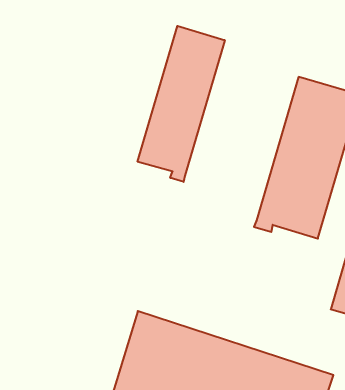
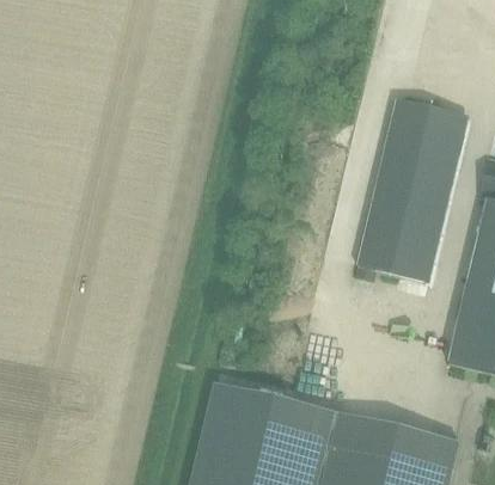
building: [138,26,225,182] -> none

